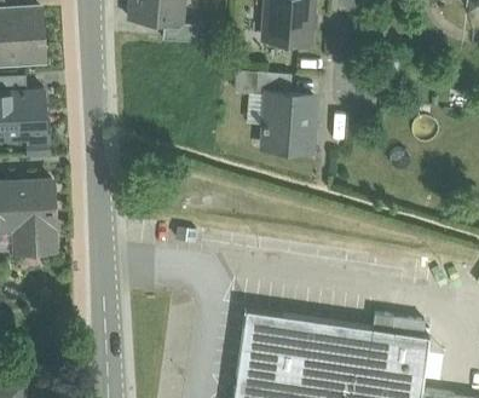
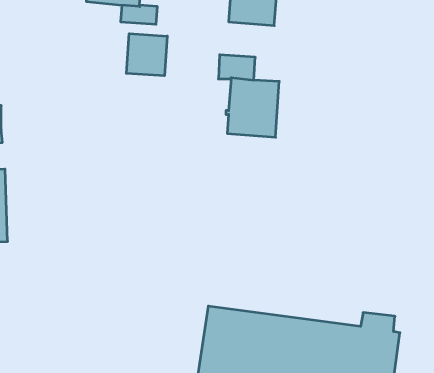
building: none -> [126,34,167,76]

